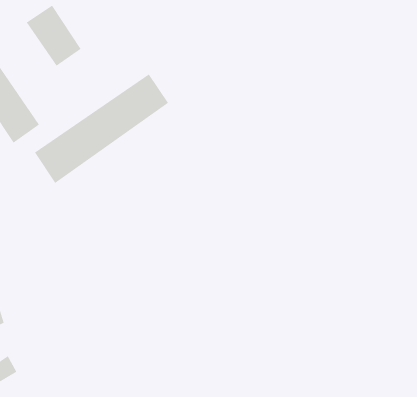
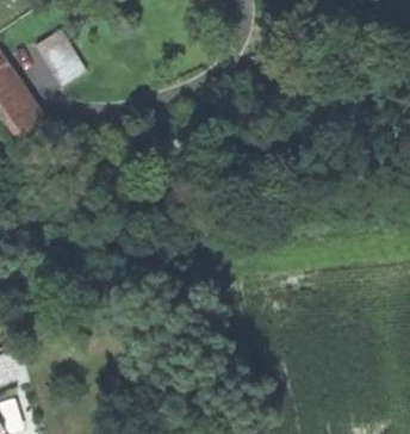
building: [34,73,169,184] -> none

